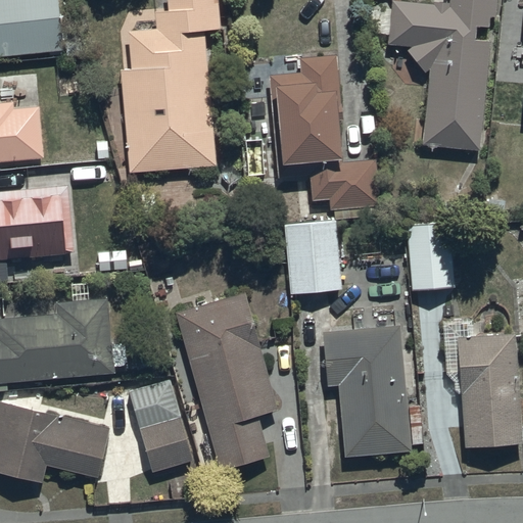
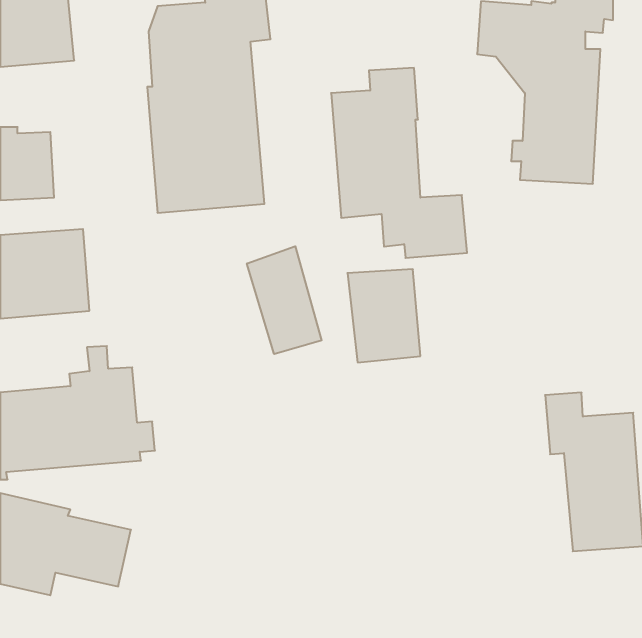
building: none -> [247,246,322,354]
building: [407,223,455,289] -> none
building: [176,293,278,471] -> none
building: [322,326,423,457] -> none
building: [129,379,198,485] -> none

